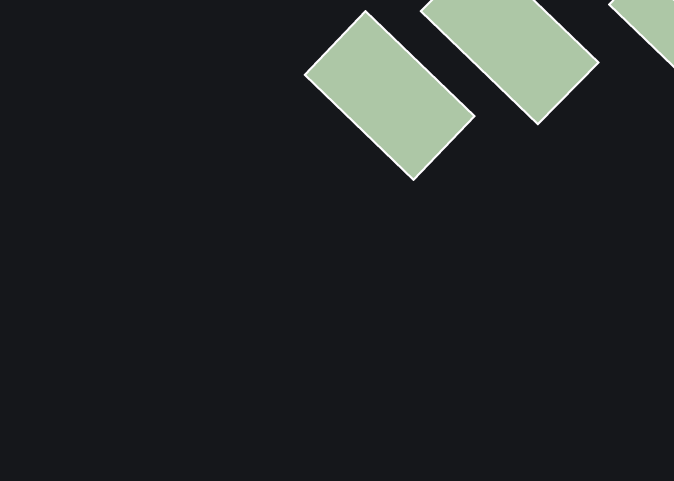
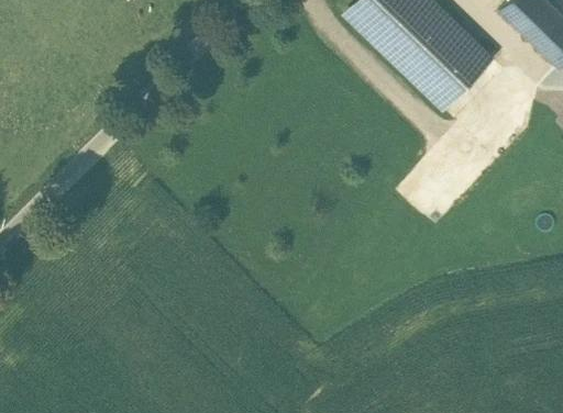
building: [305,11,474,180] -> none

